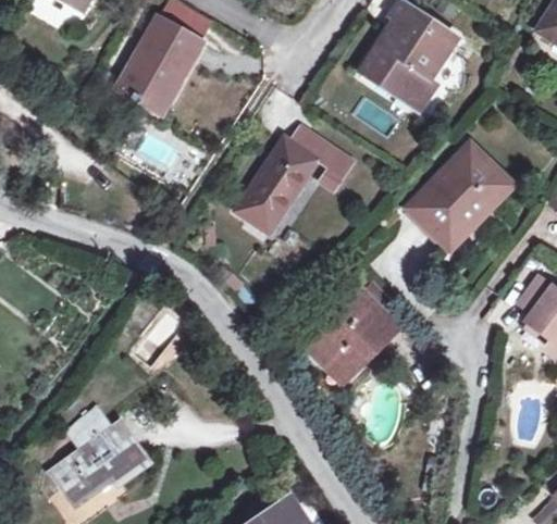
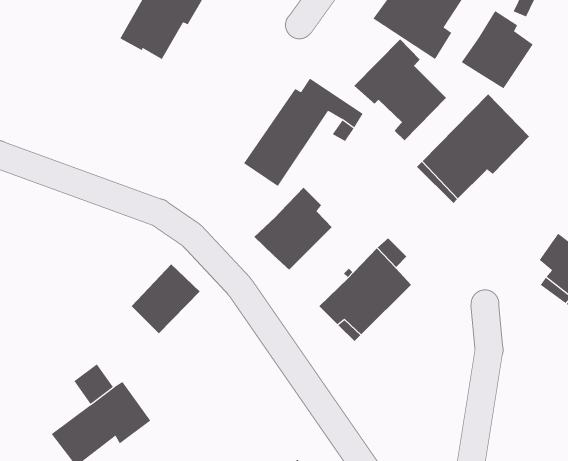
building: none -> [461,10,533,89]
building: none -> [353,38,447,141]
building: none -> [253,187,332,271]

